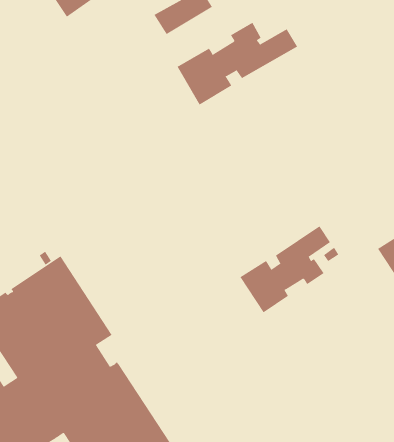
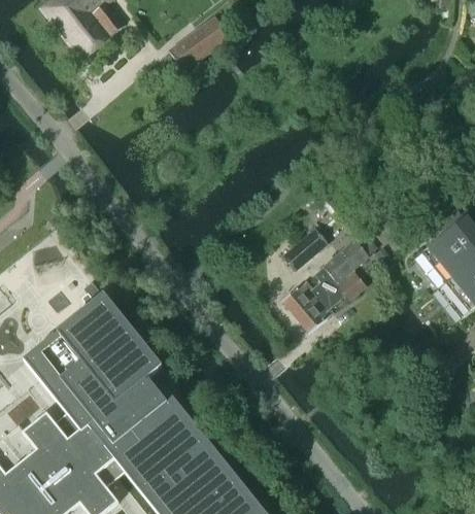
building: [177,22,298,105] -> none
building: none -> [284,229,327,268]

